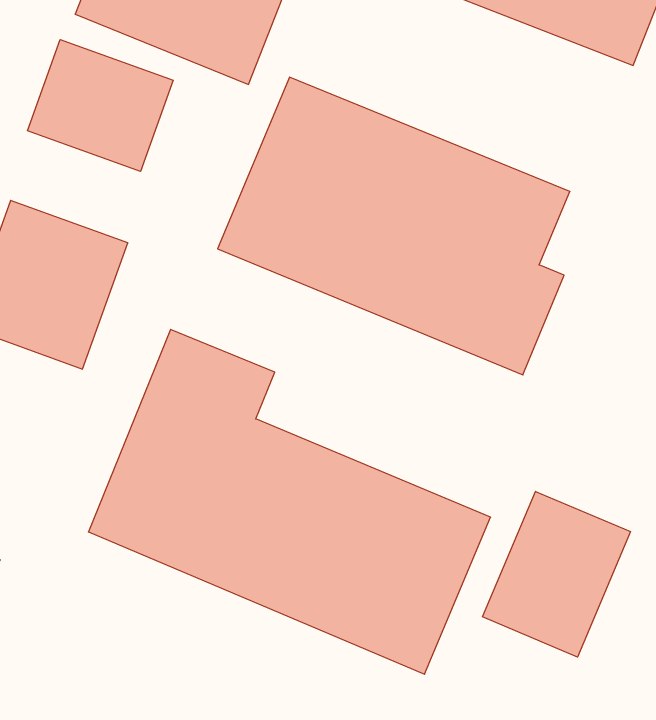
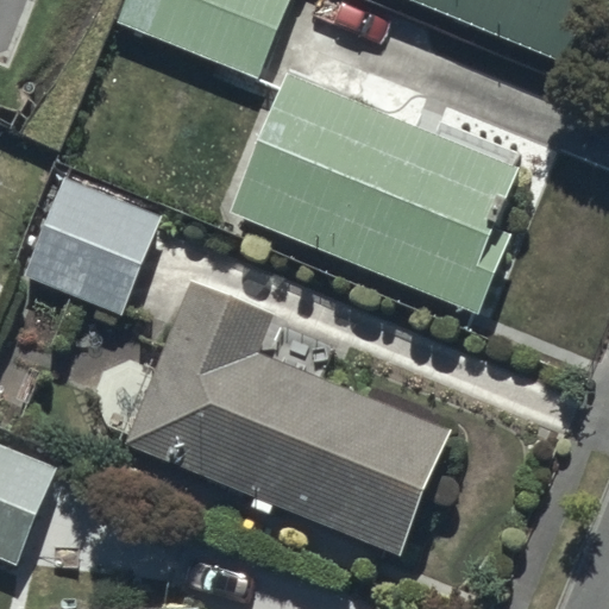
building: [28,40,173,171] -> none
building: [483,491,631,657] -> none

